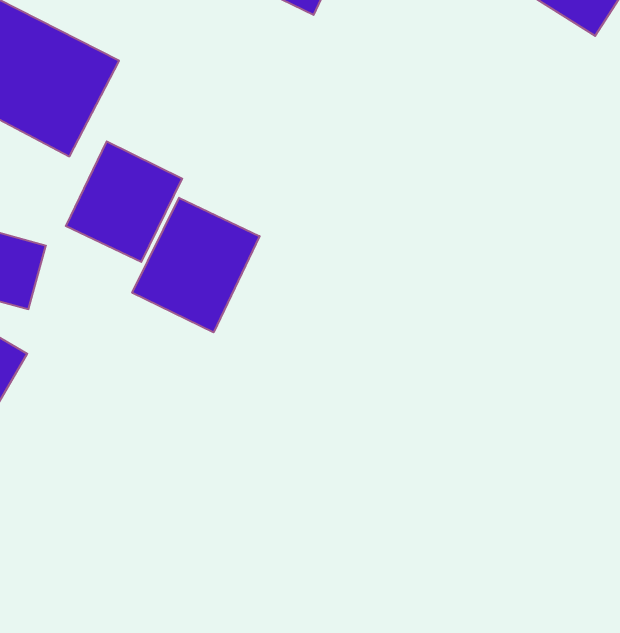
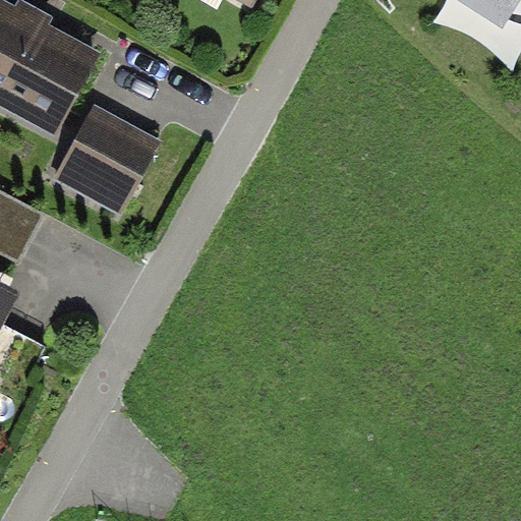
building: [132,198,260,332] -> none

